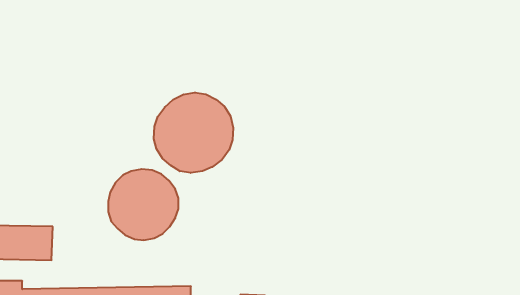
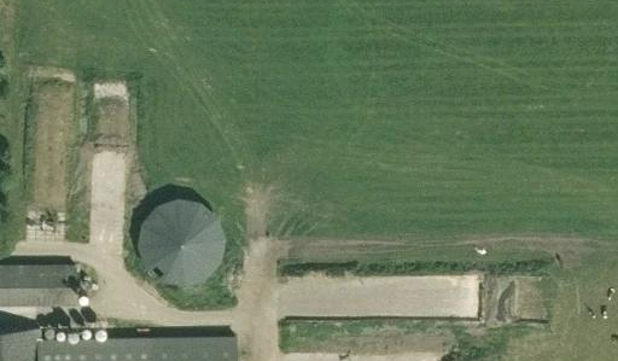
building: [154,92,233,173] -> none

